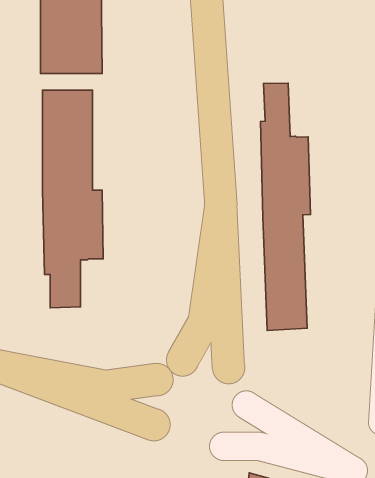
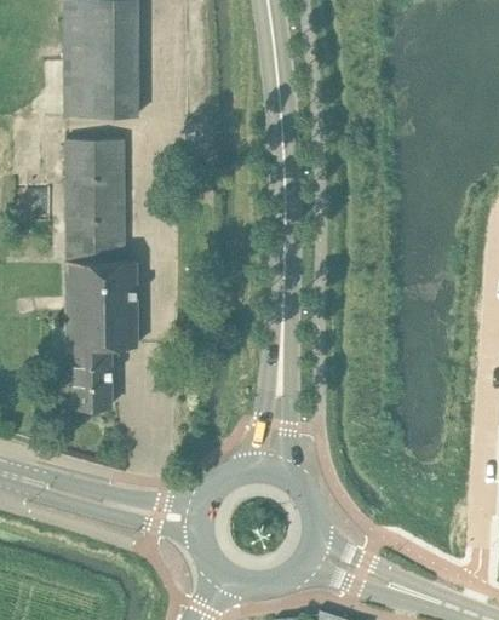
building: [260,83,311,331] -> none

